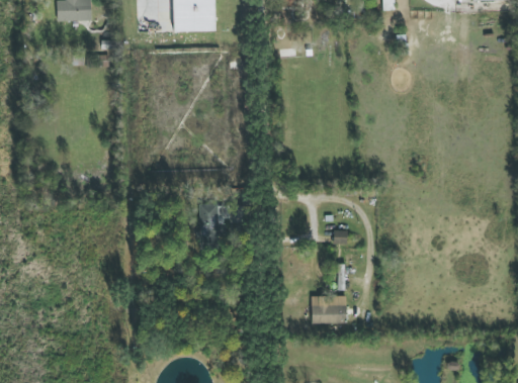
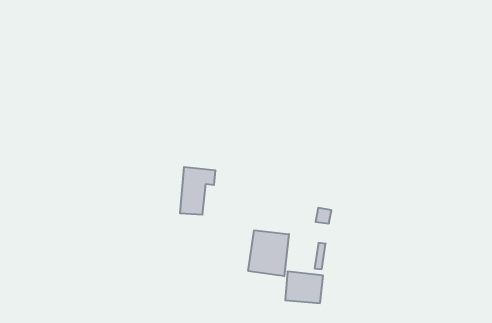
building: none -> [248,230,289,276]

